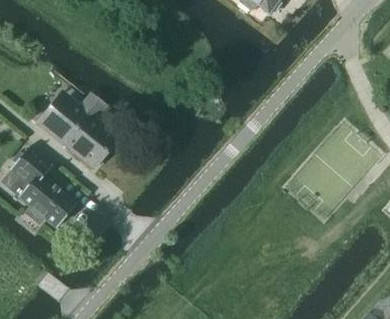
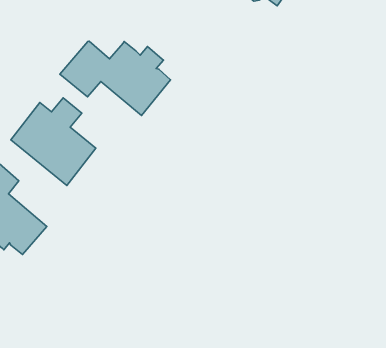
building: none -> [60,41,171,116]

